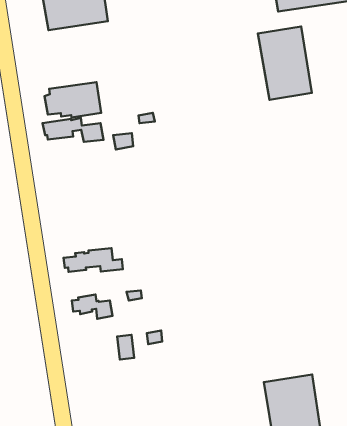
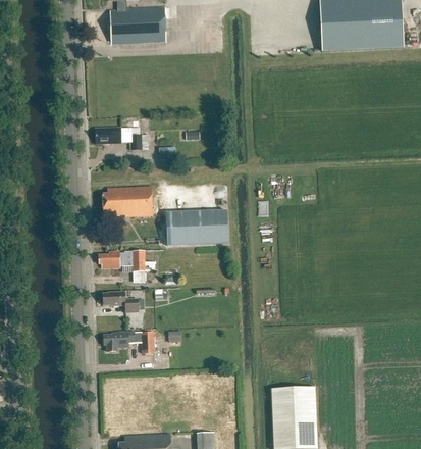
building: [258,26,312,100] -> none
building: [44,82,101,117] -> [103,187,153,216]
building: none -> [161,202,223,238]
building: none -> [104,333,135,351]

